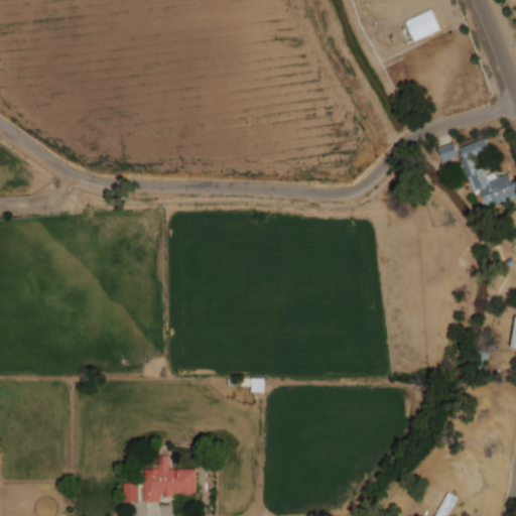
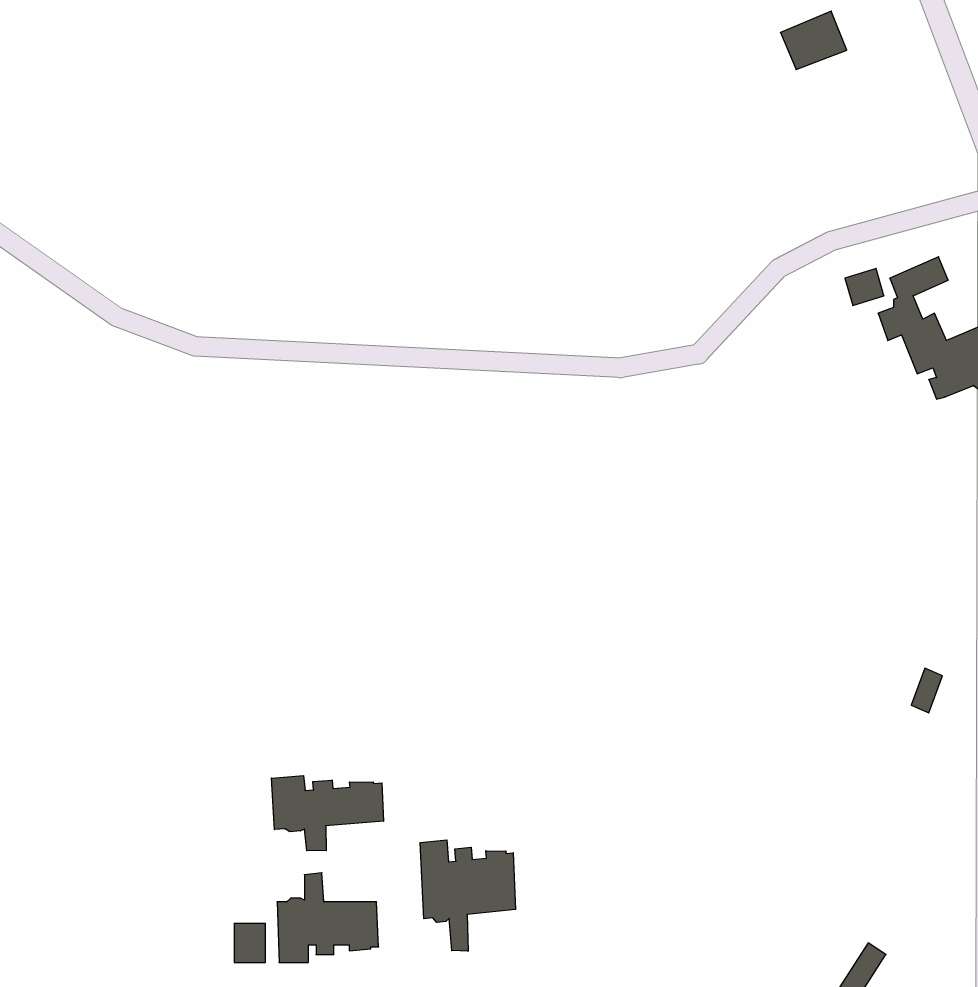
building: none -> [271,776,384,851]
building: none -> [420,840,516,951]

